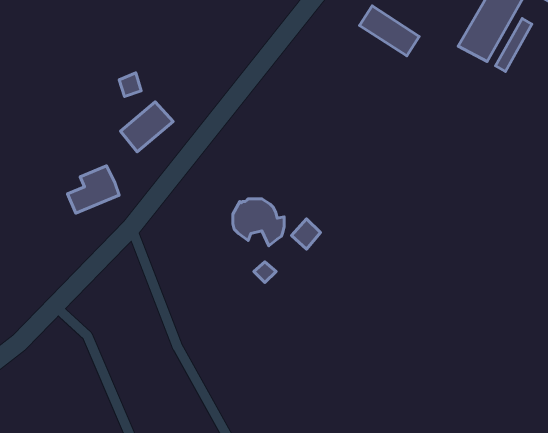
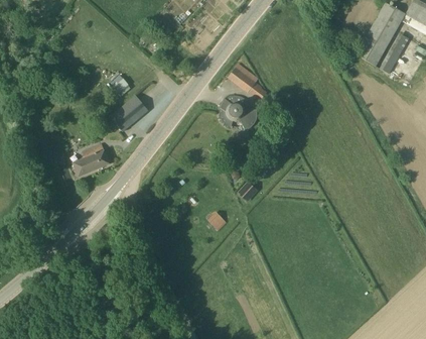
building: [360,6,419,56] -> [225,65,268,101]
building: [233,199,284,246] -> [219,96,256,130]

